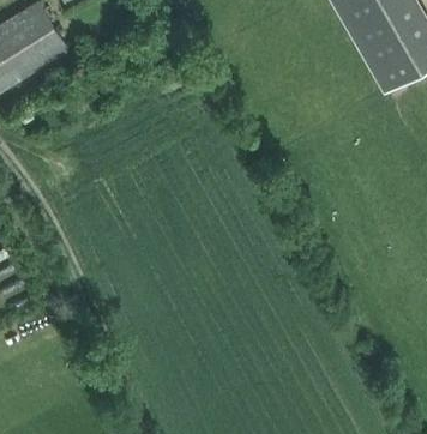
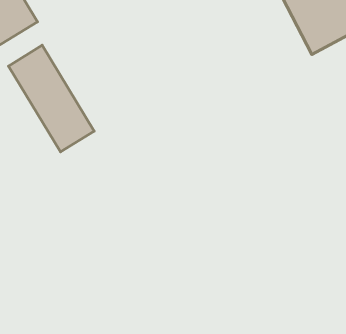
building: none -> [9,45,94,152]

